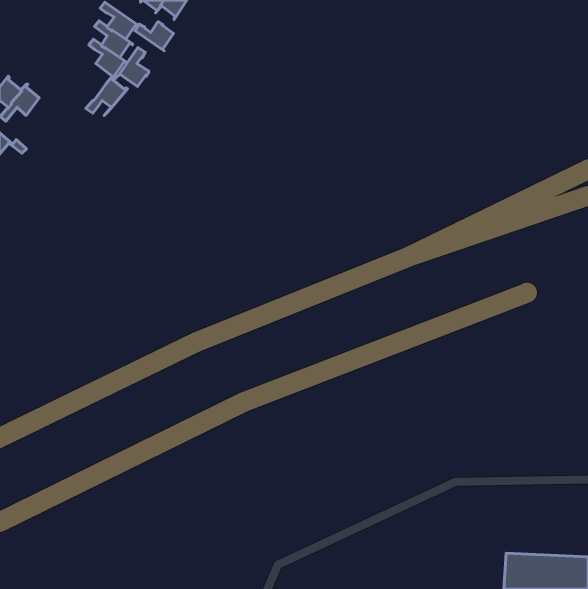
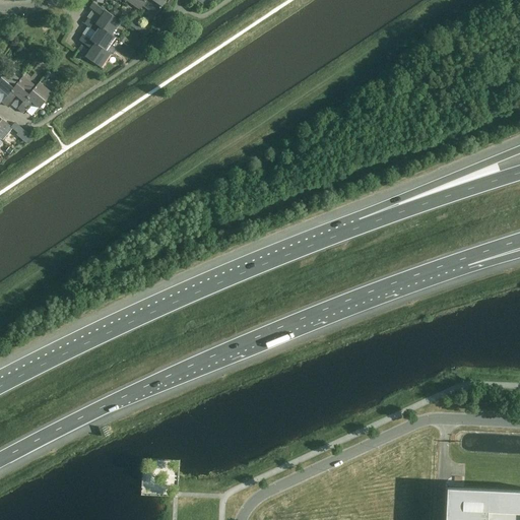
building: [135,22,174,51] -> none
building: [118,48,149,86] -> none
building: [86,76,127,115] -> [16,80,53,115]

